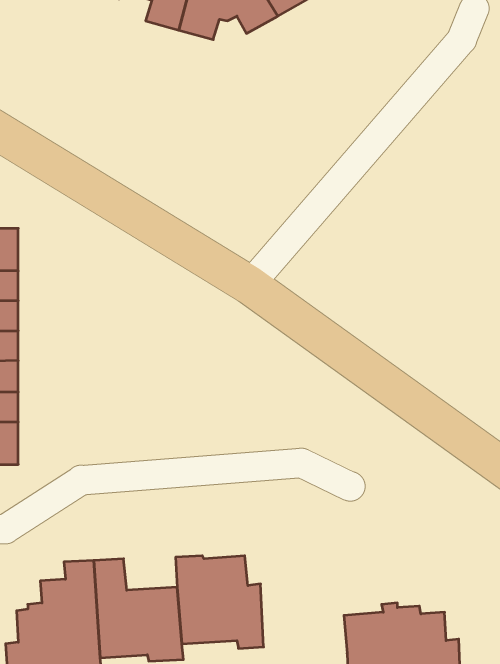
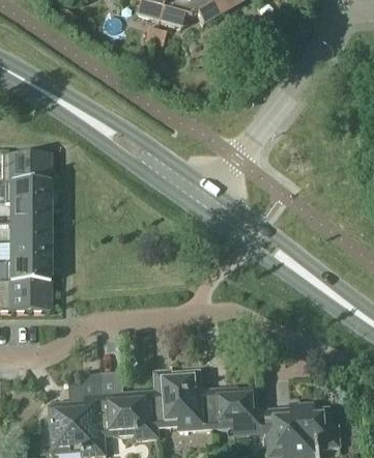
building: none -> [210,385,267,435]

